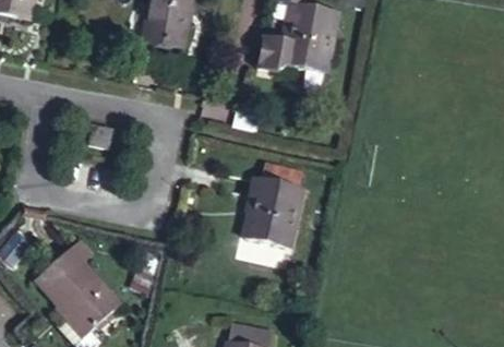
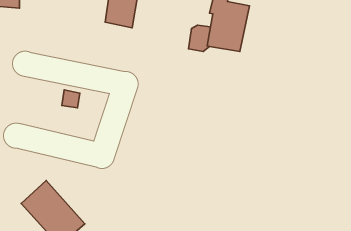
building: [243,170,303,243] -> none

